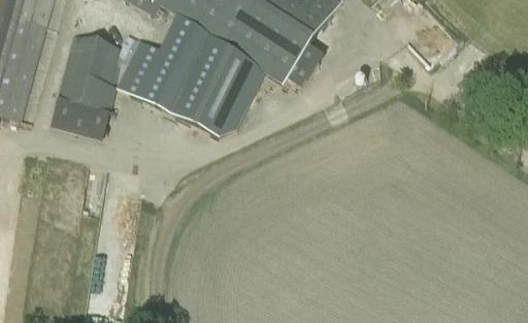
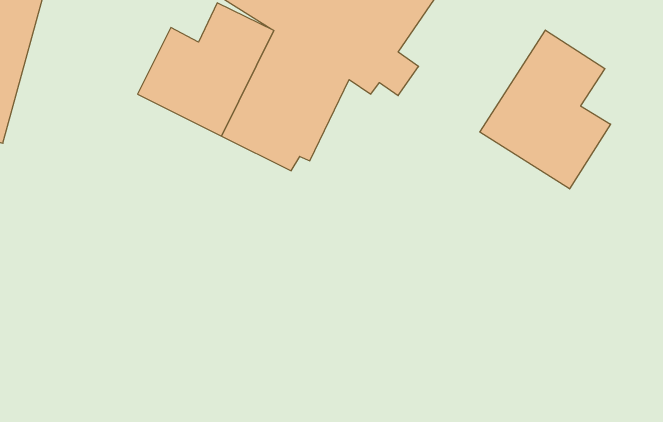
building: [51,34,124,138] -> none
building: none -> [480,30,611,189]

